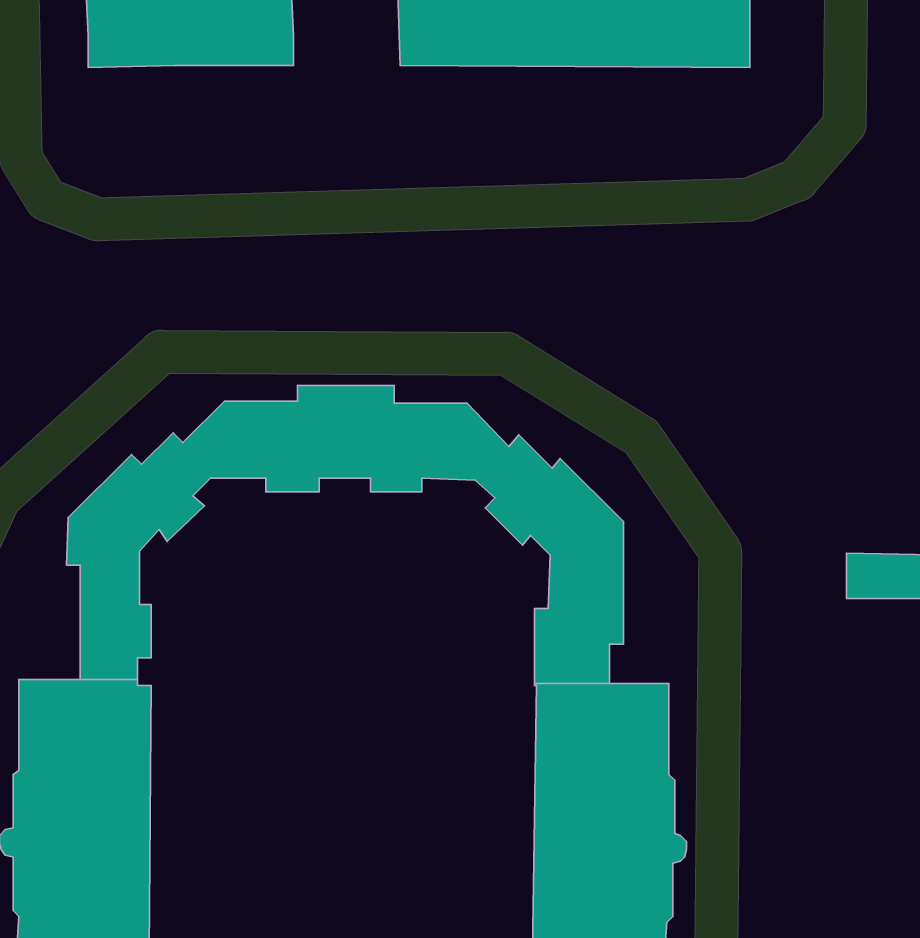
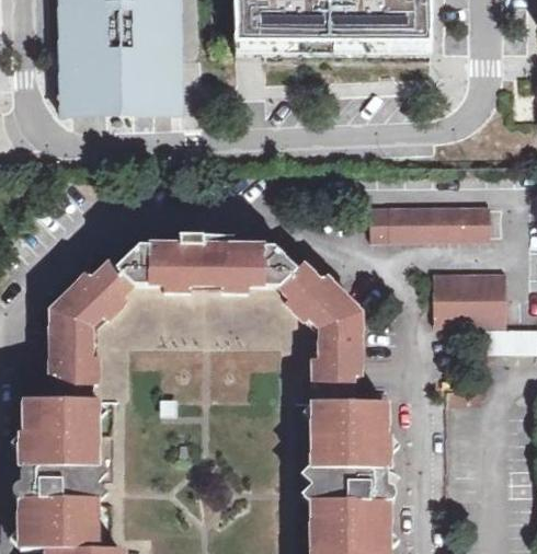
building: none -> [62,58,178,115]
building: none -> [369,200,491,240]
building: none -> [432,269,507,325]

